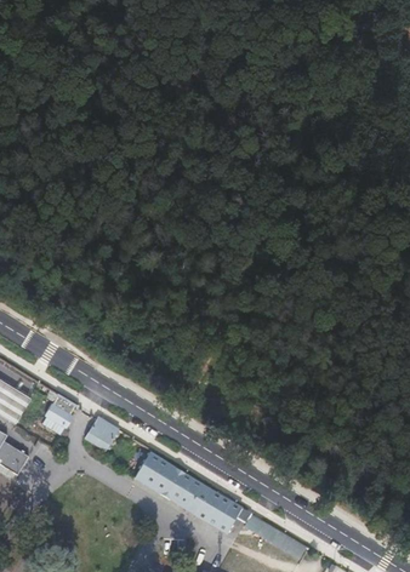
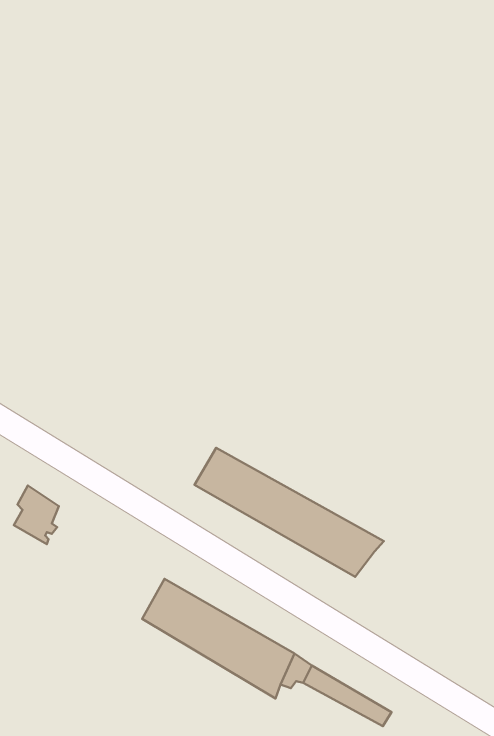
building: none -> [195,448,384,577]
building: [81,416,119,454] -> none

